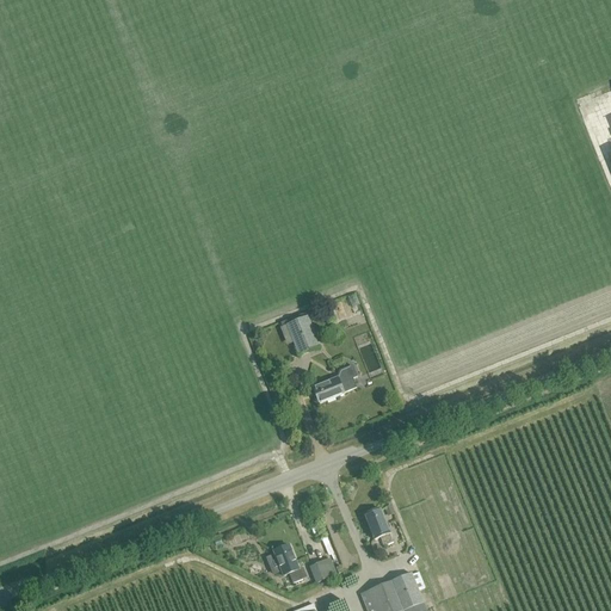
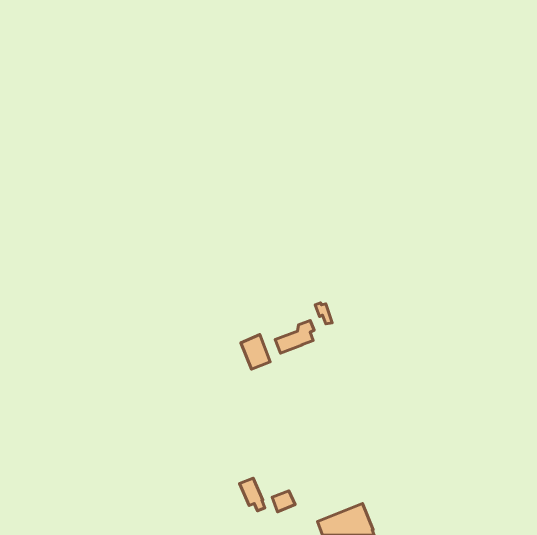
building: [285,314,319,353] -> [241,335,270,369]
building: [364,507,393,544] -> none

